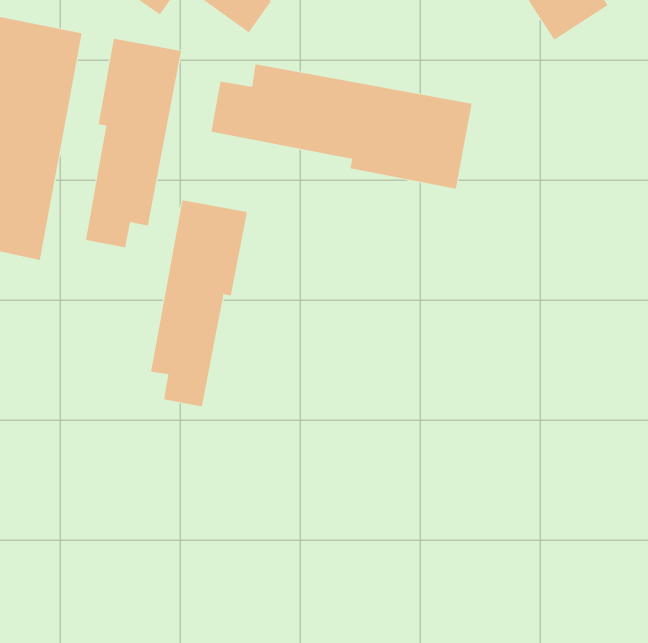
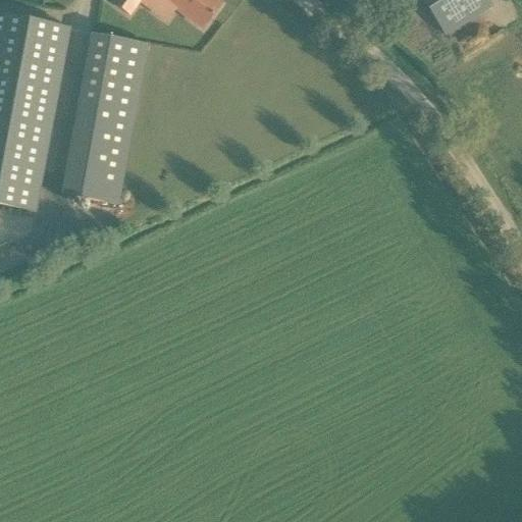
building: [211,64,472,190] -> none
building: [151,199,247,407] -> none

